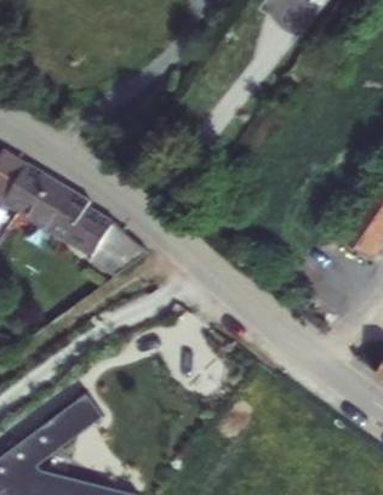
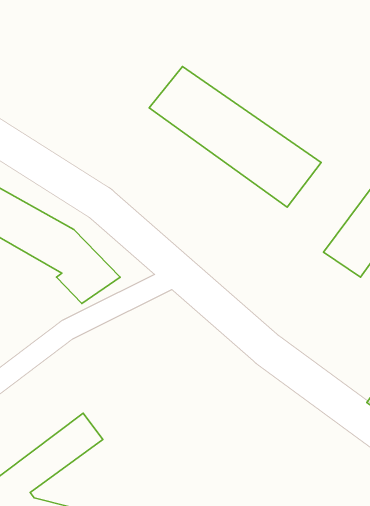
building: none -> [149,67,321,207]

